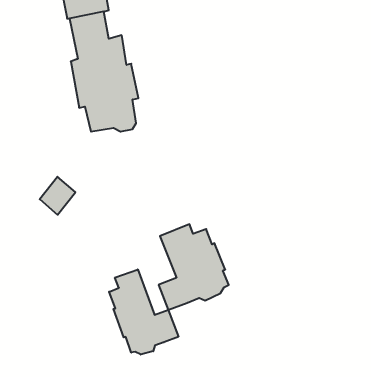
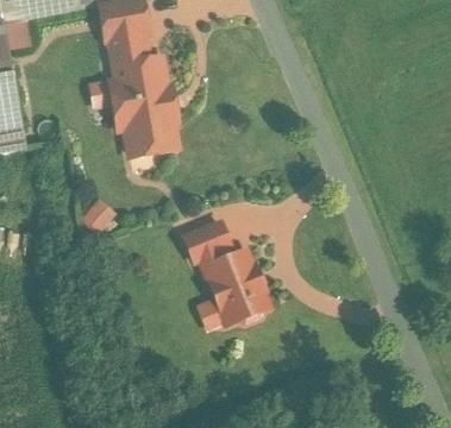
building: none -> [184,224,231,262]
building: [109,269,178,355] -> none

